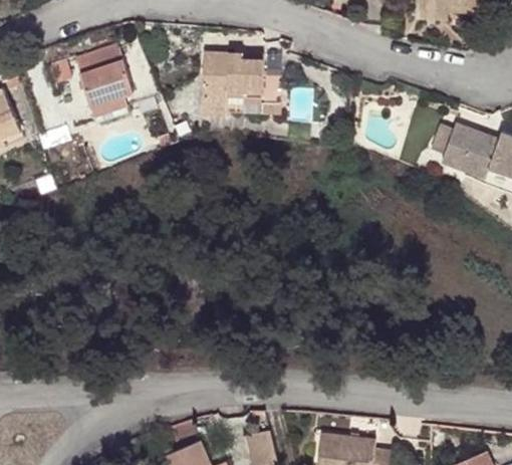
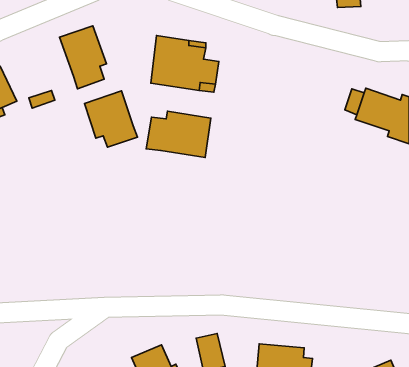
building: none -> [85,91,137,147]
building: none -> [146,111,211,158]

